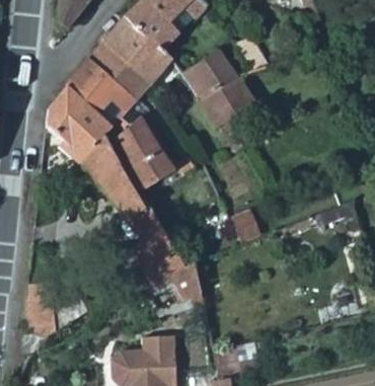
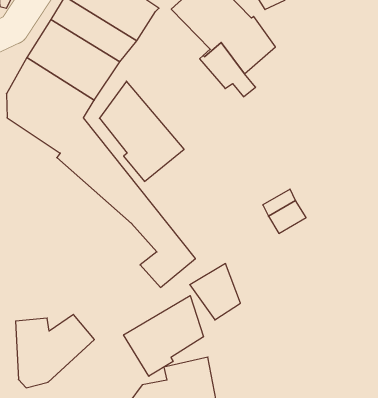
building: none -> [124,296,203,376]

